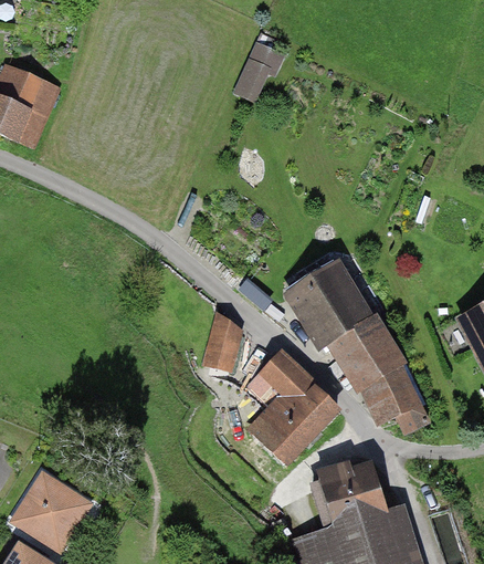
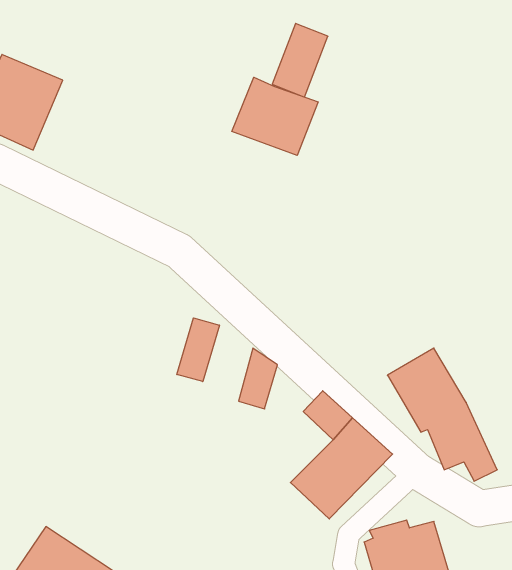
building: none -> [232,77,318,155]
building: [293,268,368,345] -> none
building: none -> [177,318,219,382]

